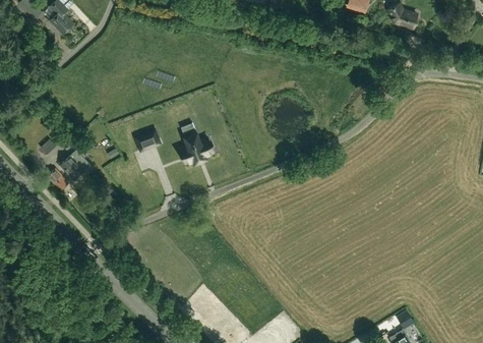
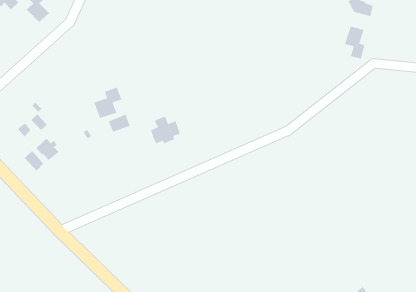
building: none -> [344,25,366,60]
building: none -> [93,86,122,119]

